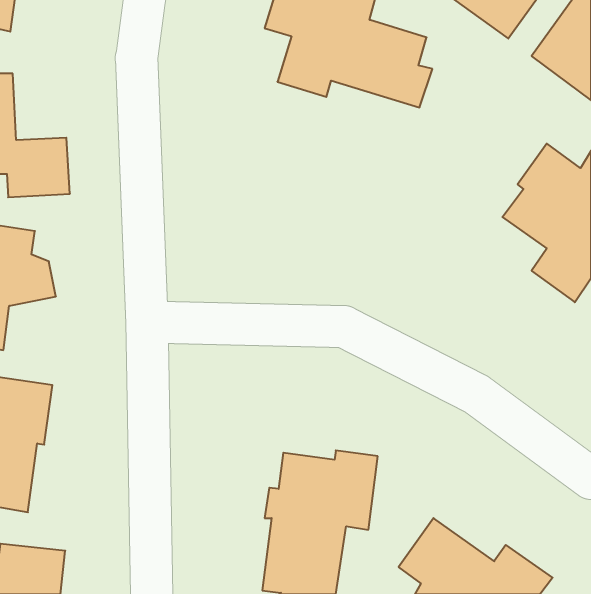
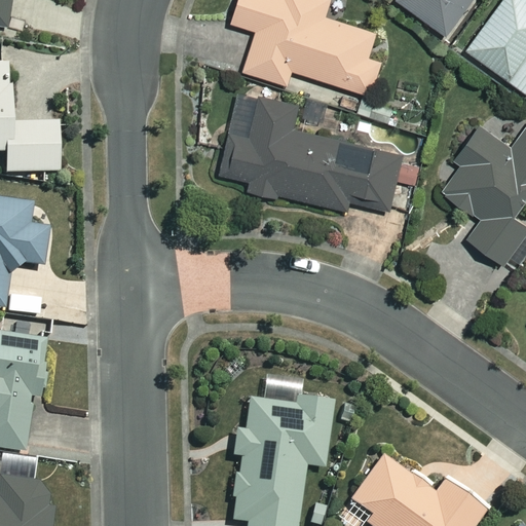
building: none -> [221,95,403,211]

